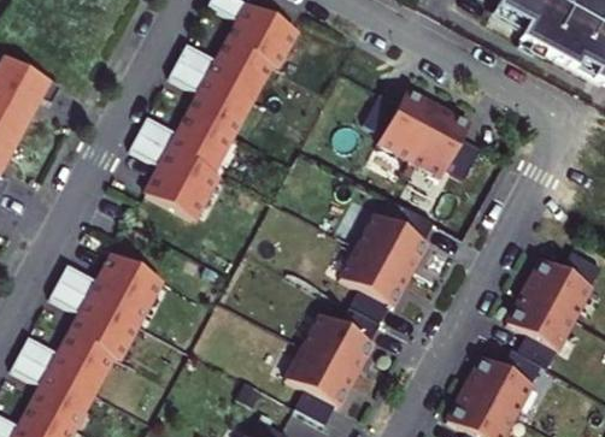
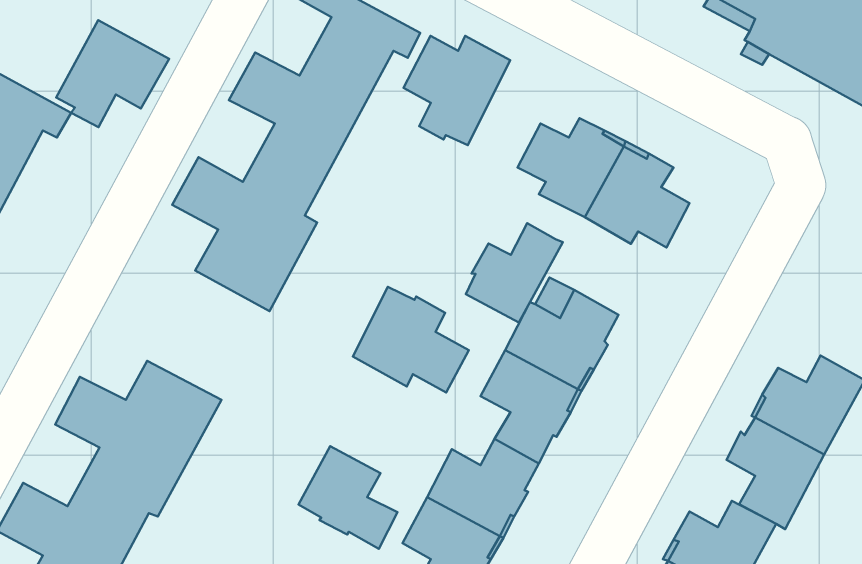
building: none -> [56,20,169,127]
building: none -> [403,36,510,145]
building: none -> [466,223,563,323]
building: none -> [353,287,469,393]
building: none -> [298,446,397,549]

